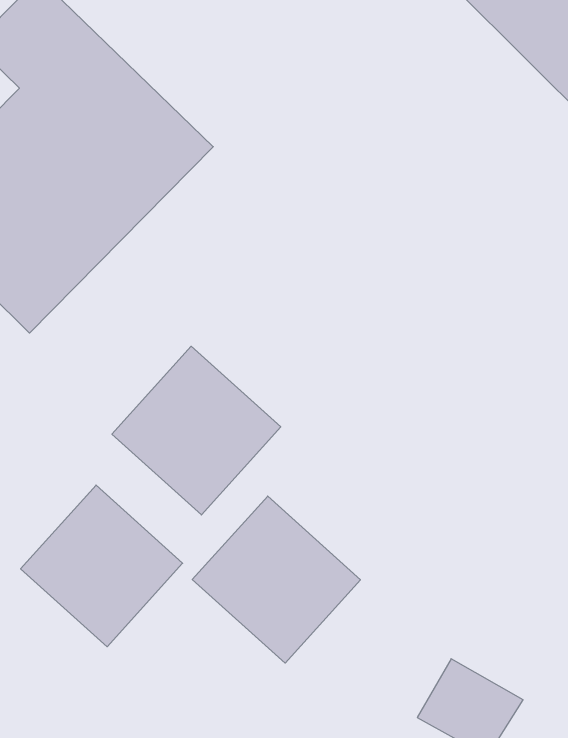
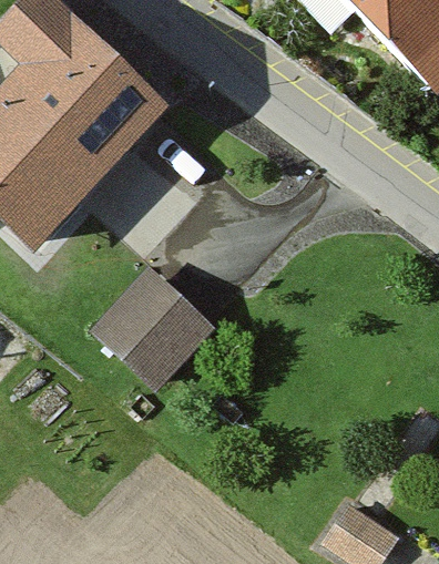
building: [21,485,183,647] -> none
building: [192,496,360,663] -> none

